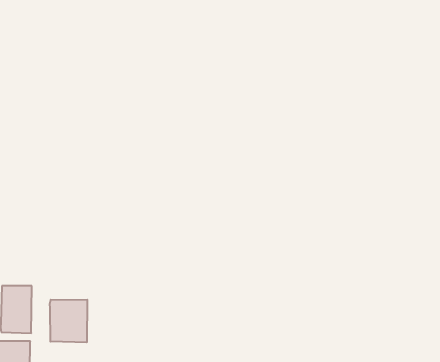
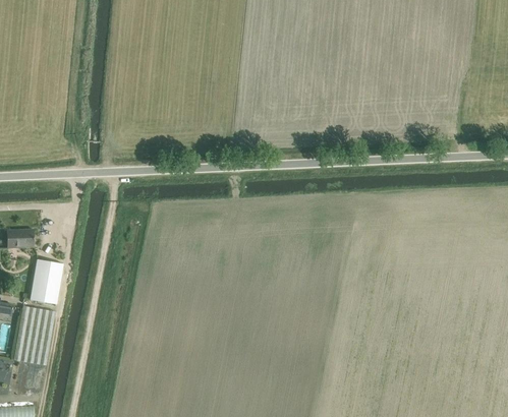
building: [50,300,87,342] -> none

